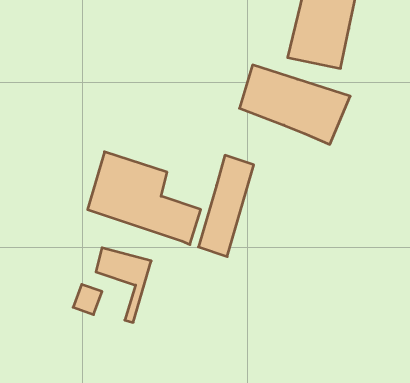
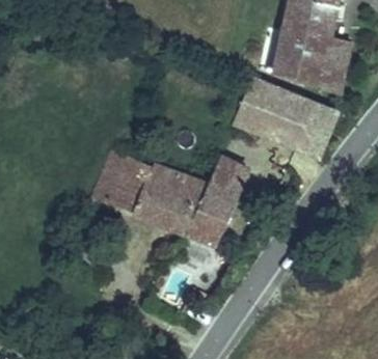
building: none -> [316,47,355,88]
building: [96,248,151,322] -> [161,170,209,234]

